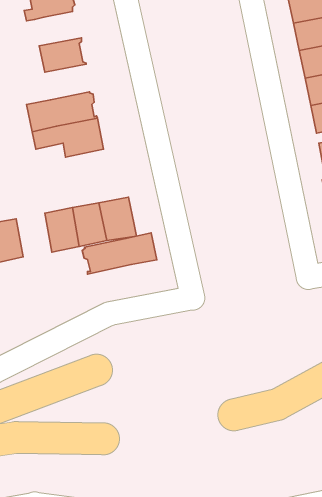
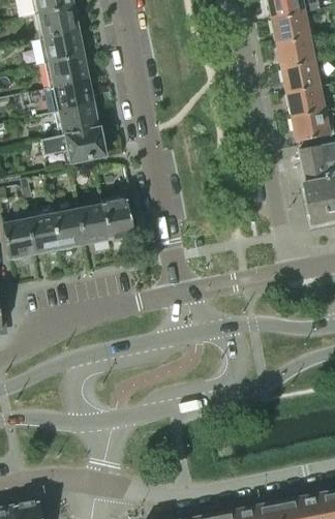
building: none -> [23,32,86,67]
building: none -> [28,80,93,116]
building: none -> [27,214,59,253]
building: [82,233,157,274] -> none

